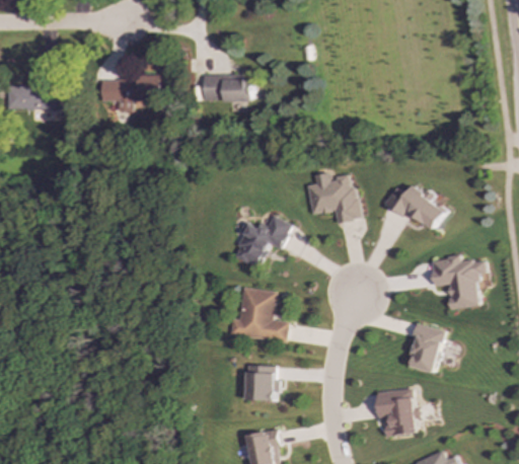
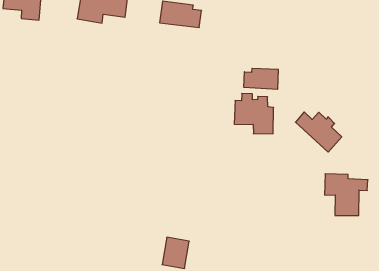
building: none -> [244,68,278,89]
building: [233,215,291,266] -> none
building: [228,288,287,341] -> none
building: [409,323,444,372] -> none

